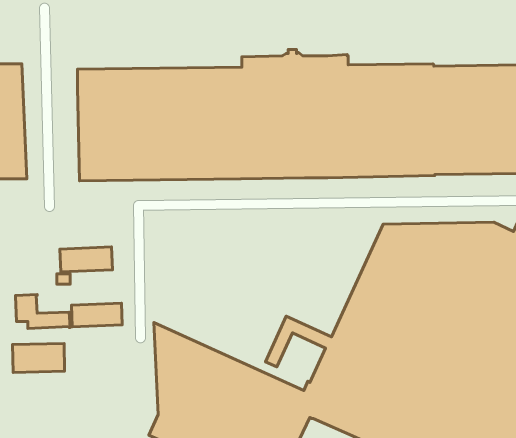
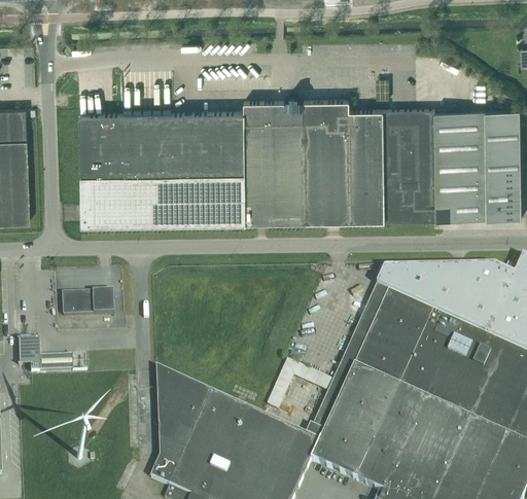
building: [72,303,122,327] -> none
building: [13,343,65,373] -> none

